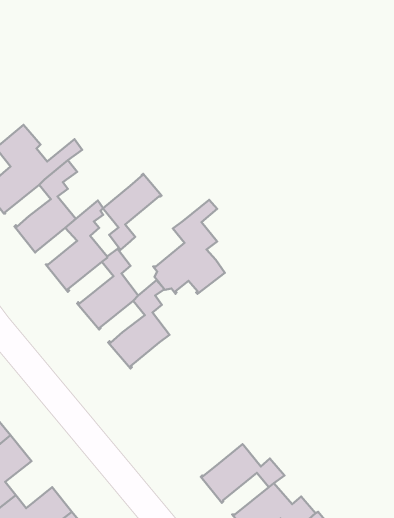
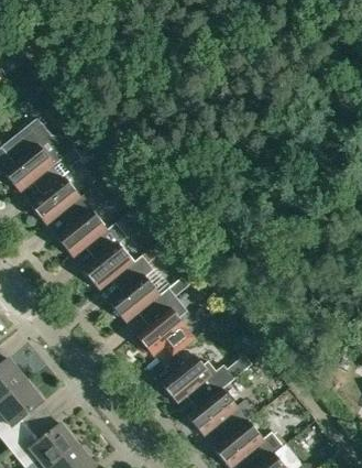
building: [103,174,161,250] -> none
building: [153,200,225,294] -> [134,277,195,357]
building: none -> [160,355,249,406]

